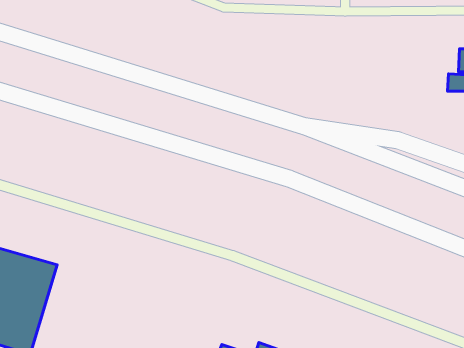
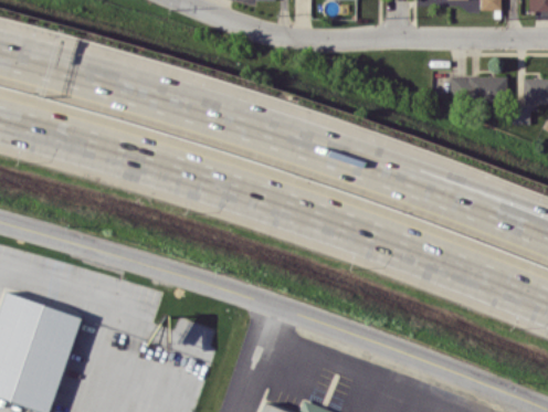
building: none -> [450,76,507,102]

